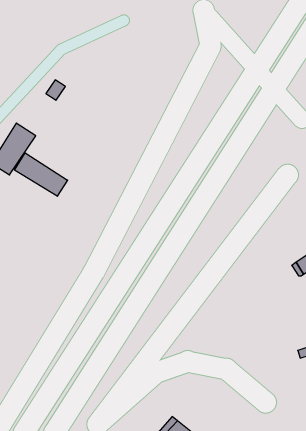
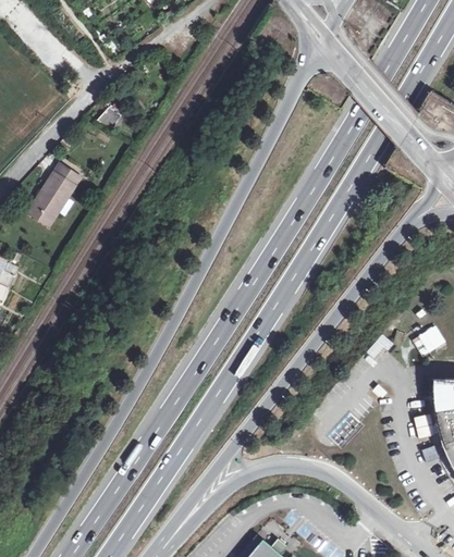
building: [14,153,68,196] -> none

